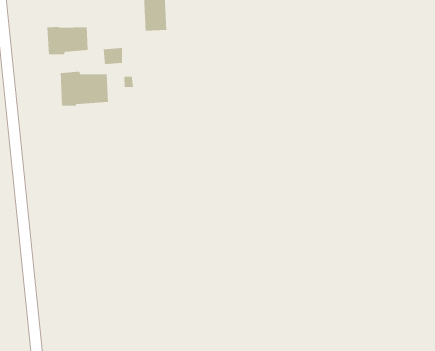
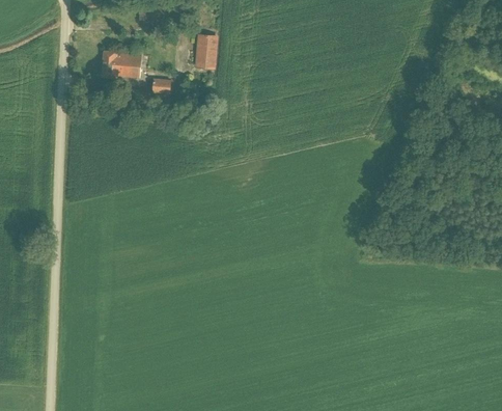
building: [60,71,108,107] -> none

